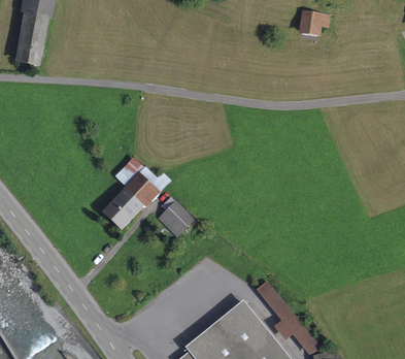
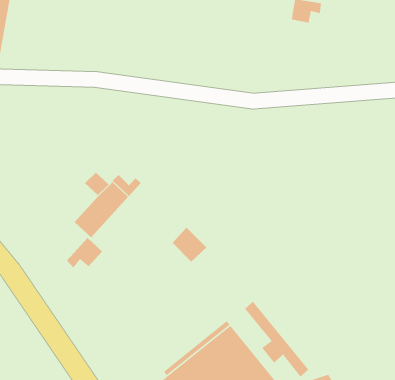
building: [162,201,194,233] -> [172,227,207,262]
building: none -> [66,237,103,269]

